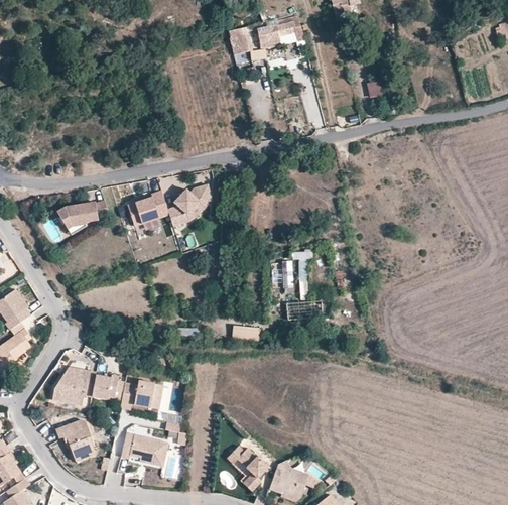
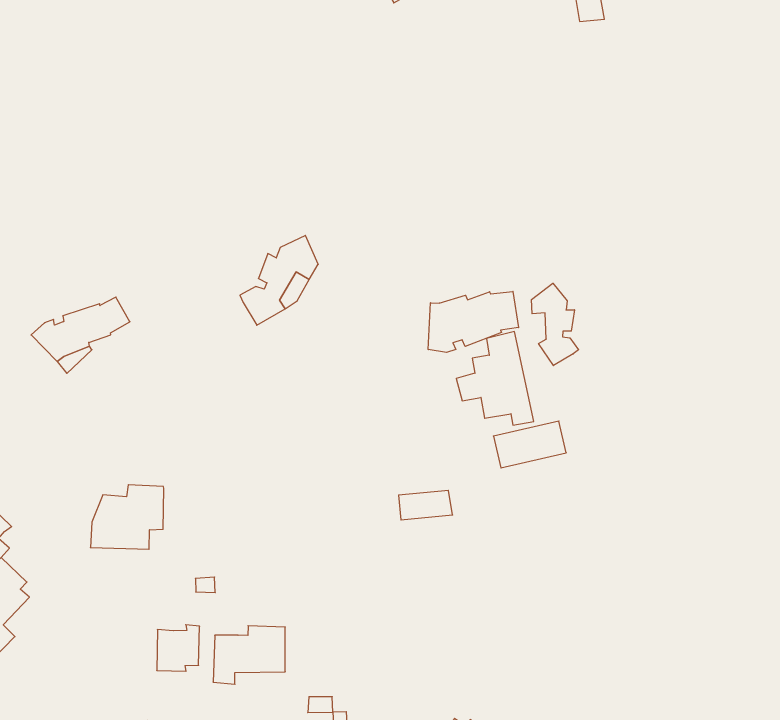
building: [126,188,168,225] -> none
building: none -> [428,291,519,352]
building: none -> [531,283,579,366]
building: [51,369,95,404] -> [90,485,164,549]

